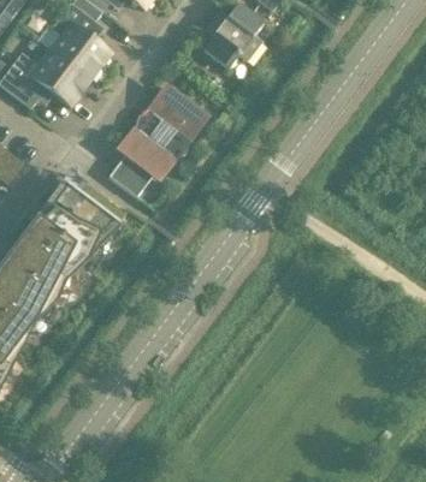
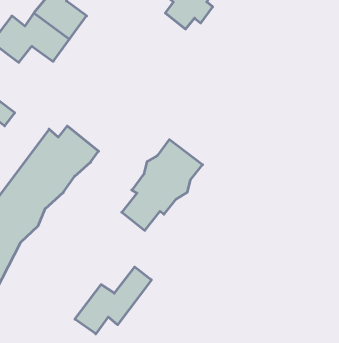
building: [108,87,205,195] -> [122,140,203,230]
building: none -> [75,267,151,334]

